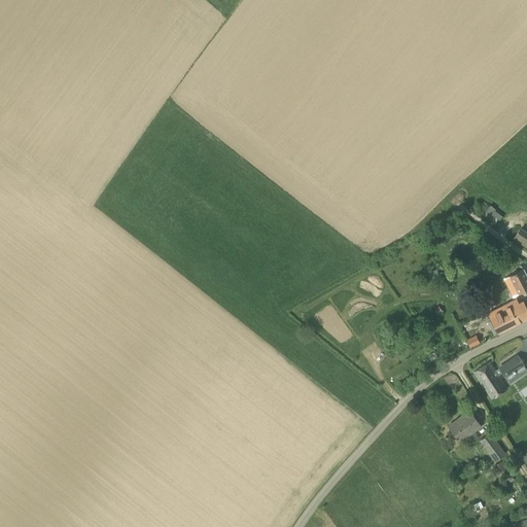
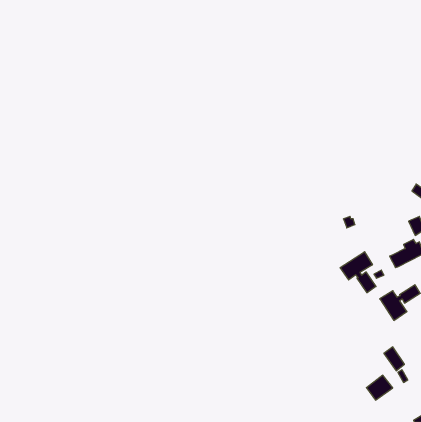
building: none -> [340,252,376,293]
building: [449,411,482,442] -> [366,375,393,400]

